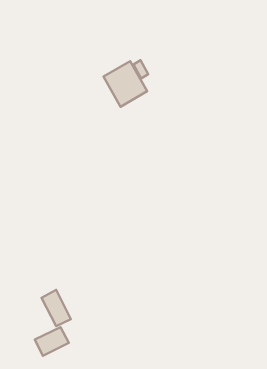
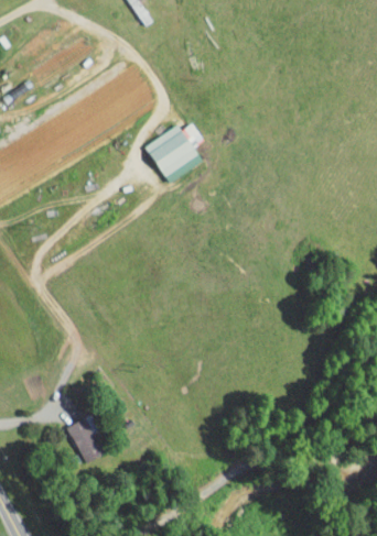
building: [35,327,69,356] -> none

